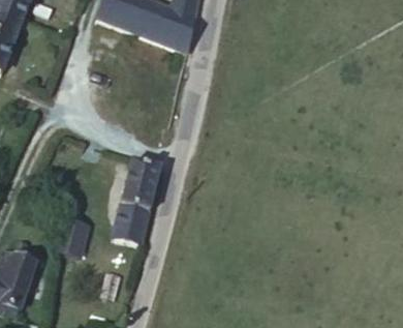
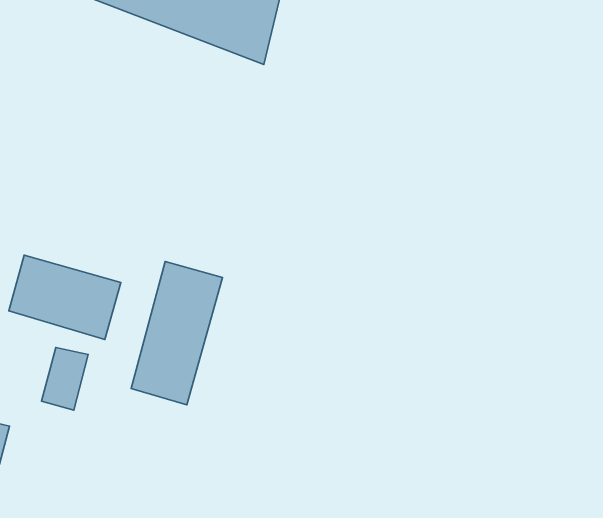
building: none -> [9,255,121,339]

